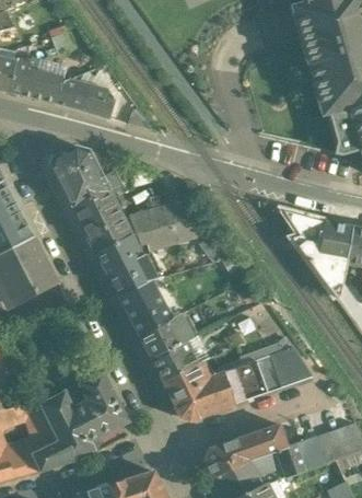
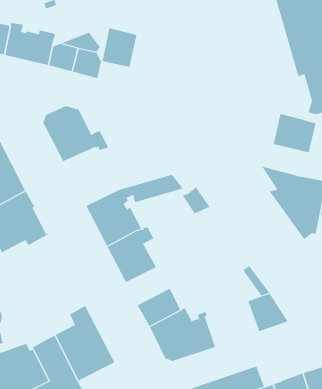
building: none -> [102,28,137,68]
building: none -> [272,113,316,153]
building: [72,190,189,253] -> none
building: [139,313,194,359] -> none
building: [224,355,281,404] -> none

